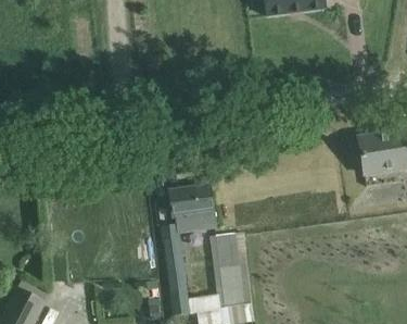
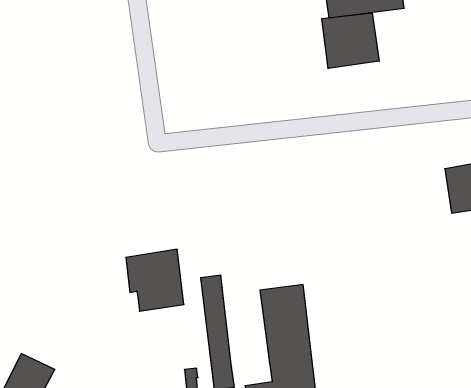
building: none -> [322,13,379,69]
building: [168,183,215,233] -> [126,249,184,311]

